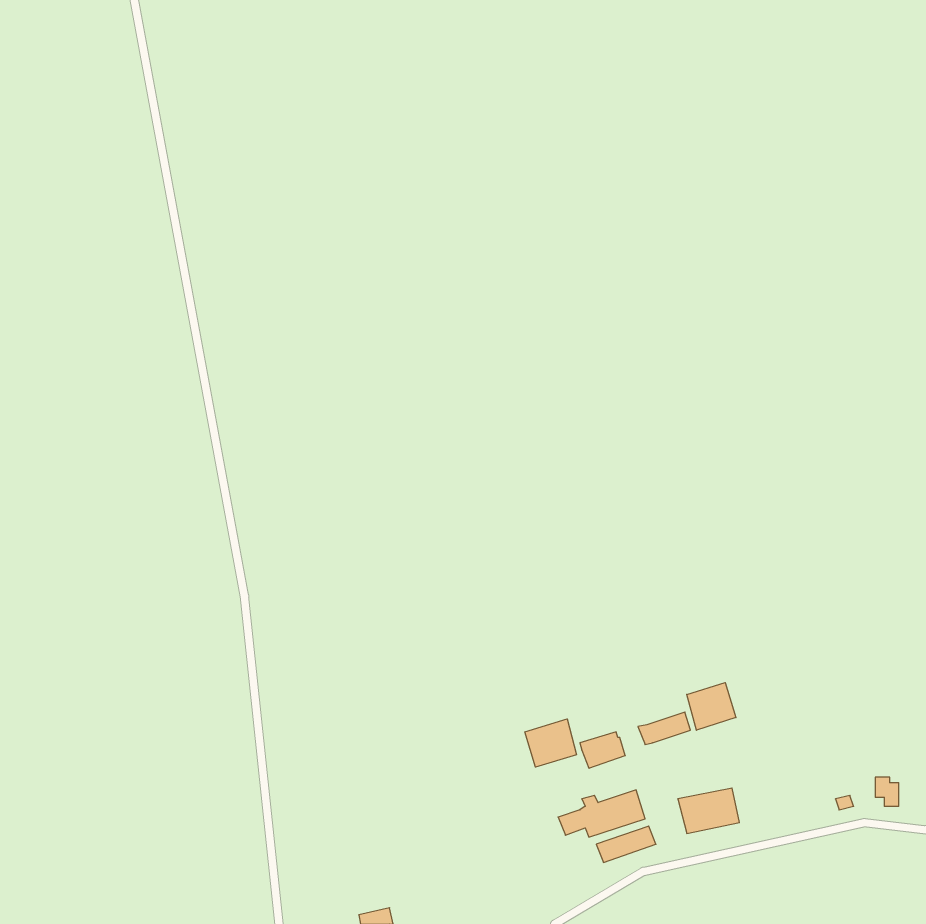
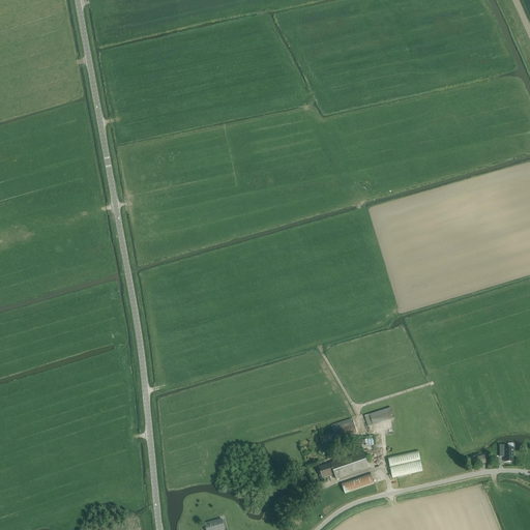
building: [687,683,736,730] -> none
building: [525,719,576,767] -> none

